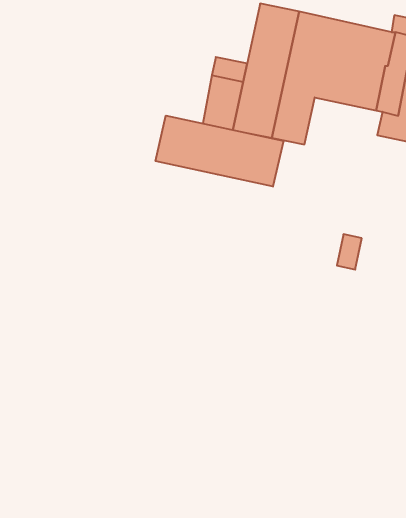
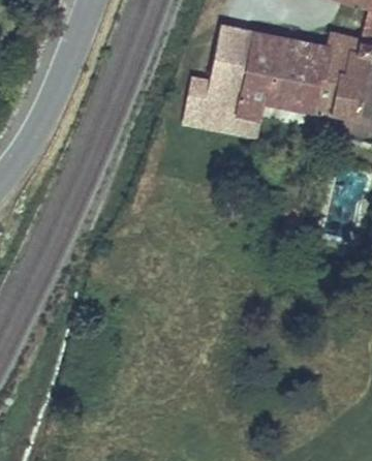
building: [156,116,283,187] -> none

